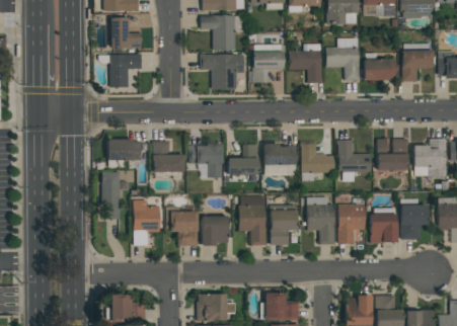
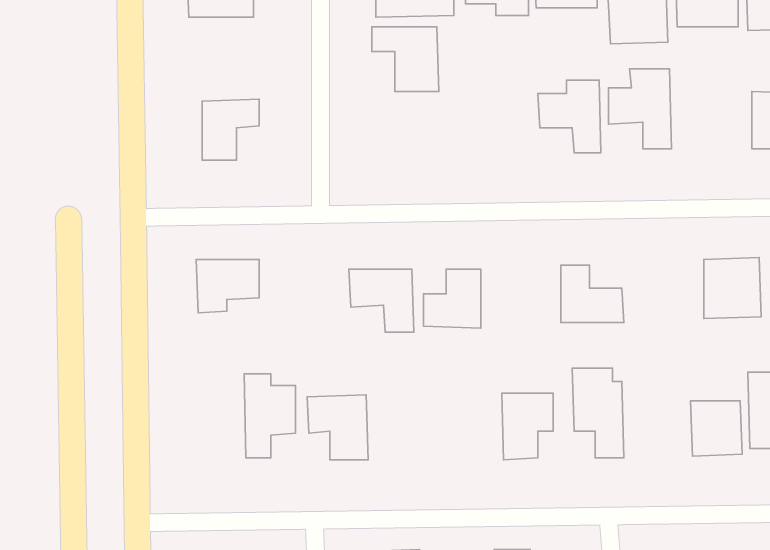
building: [110,17,142,49] -> none
building: [251,48,284,82] -> none
building: [201,54,244,89] -> none
building: [364,59,397,79] -> none
building: [152,140,184,172] -> none
building: [337,140,371,172] -> none
building: [263,143,297,174] -> none
building: [101,171,128,219] -> none
building: [239,195,266,245] -> none
building: [337,203,366,243] -> none
building: [202,216,229,244] -> none

